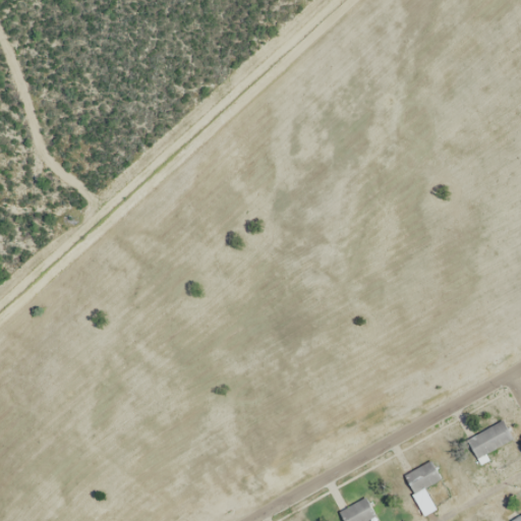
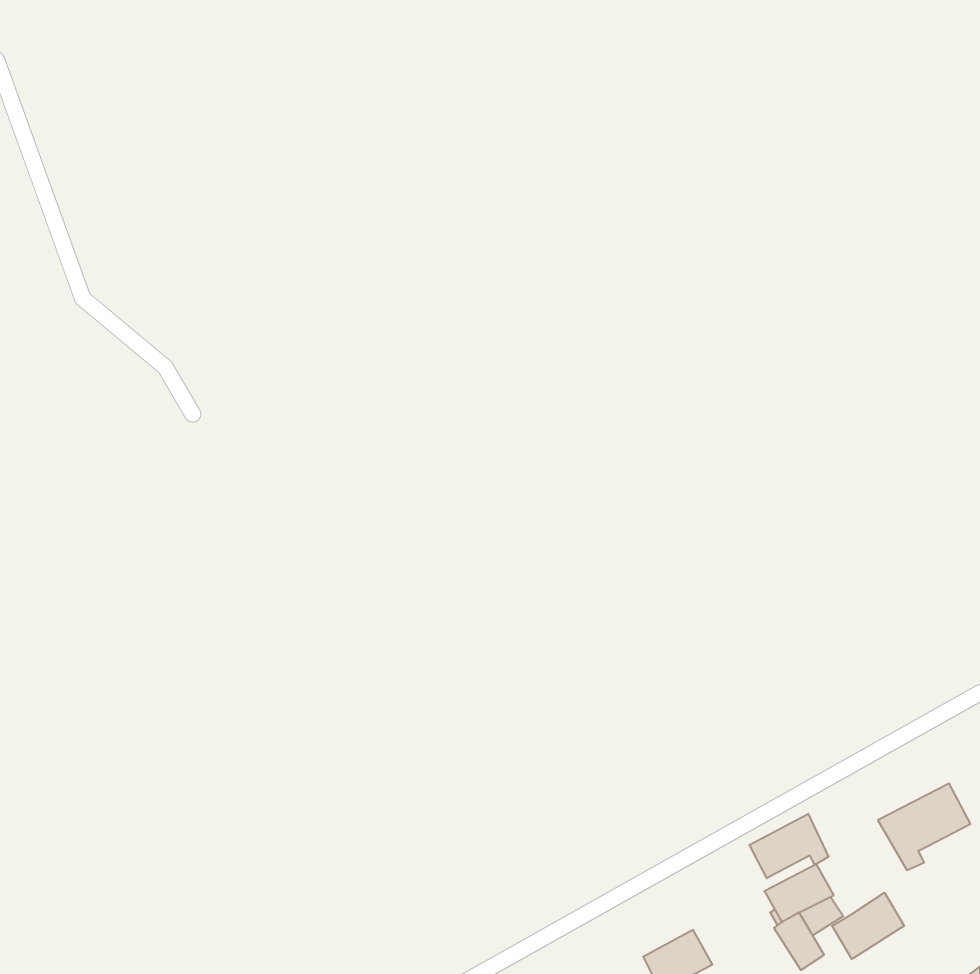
building: none -> [749,814,828,878]
building: none -> [832,893,904,959]

